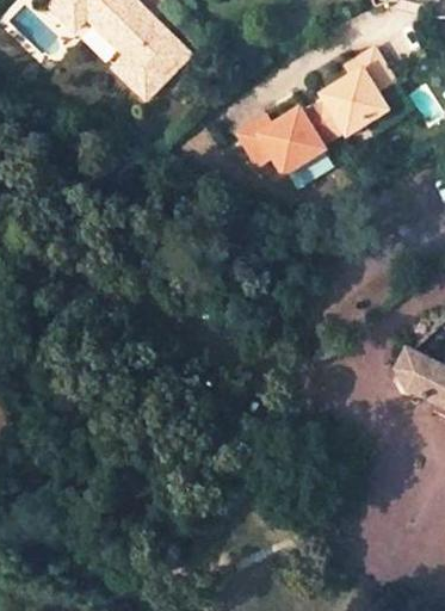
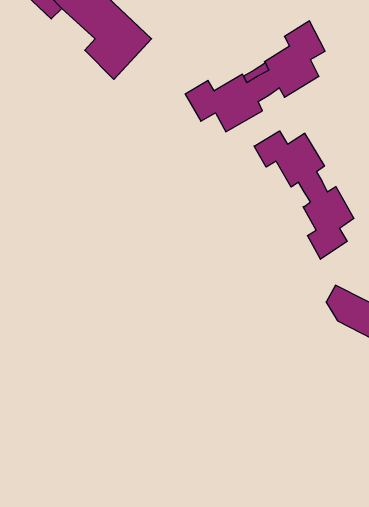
building: none -> [254,131,354,259]

